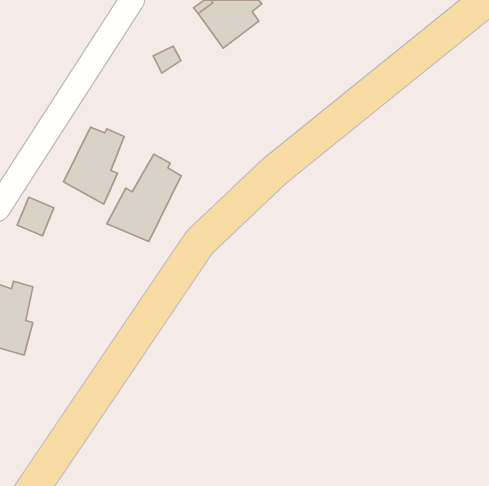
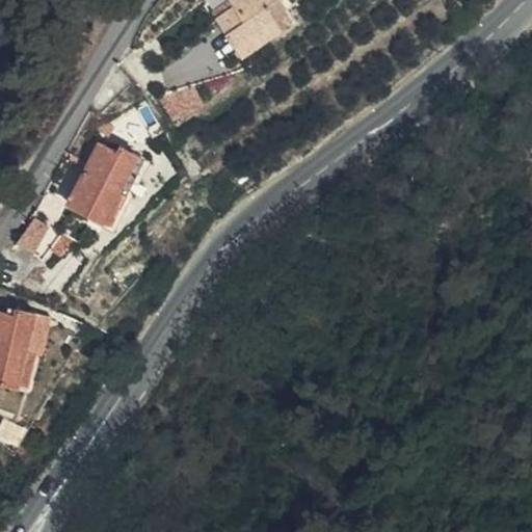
building: [107,154,181,242] -> none

